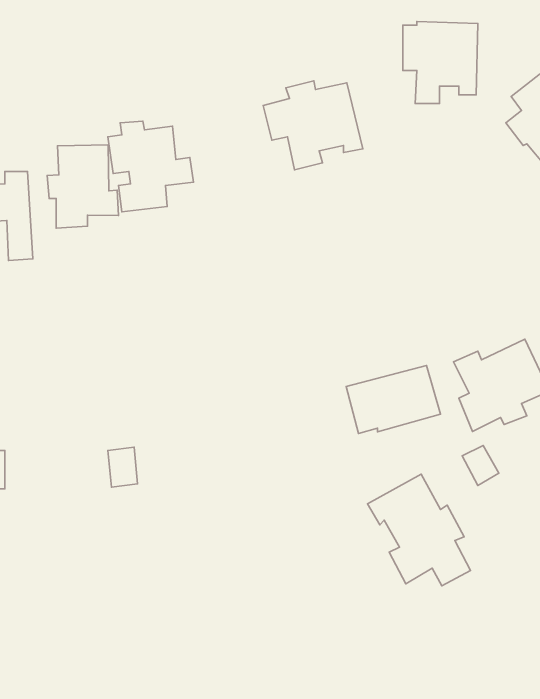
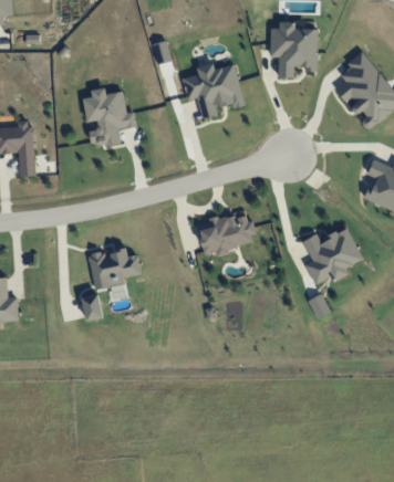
building: [47,145,118,228] -> none
building: [346,365,440,433] -> [197,210,257,253]
building: none -> [89,248,142,289]
building: [367,474,470,586] -> none

